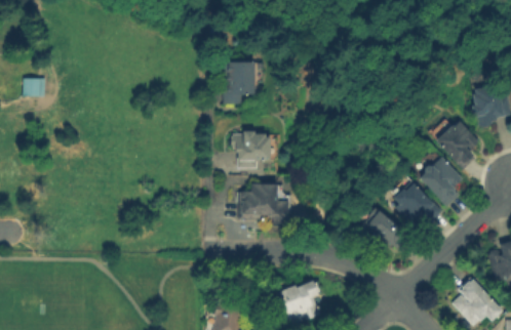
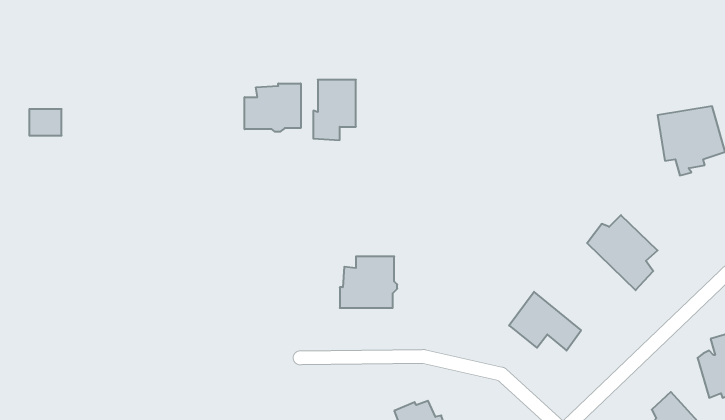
building: none -> [245,83,301,132]
building: [428,117,478,168] -> none
building: [232,130,272,168] -> none
building: [388,180,441,223] -> none

